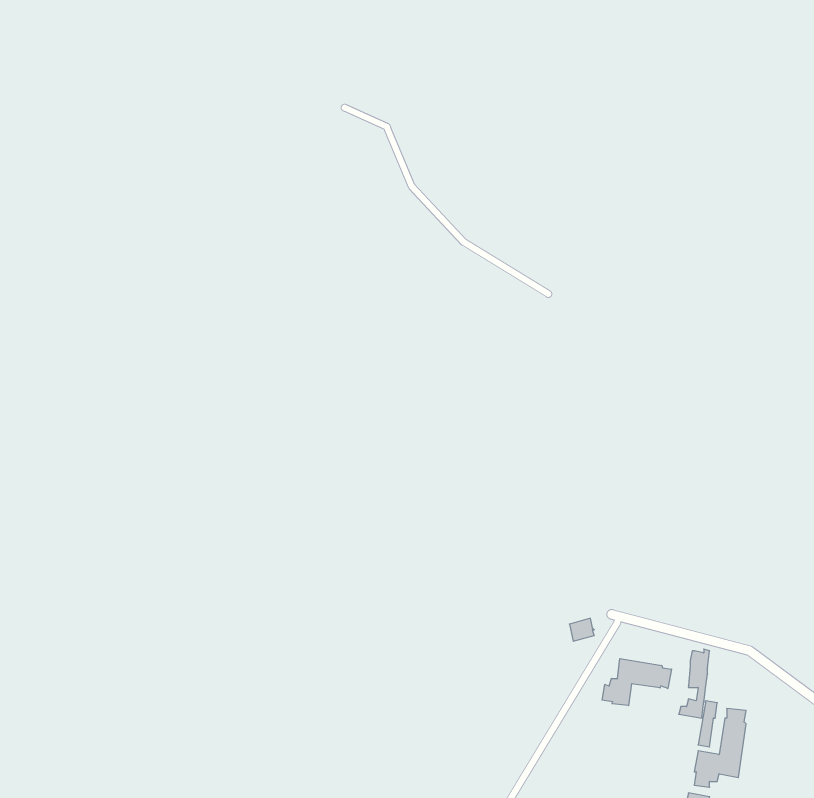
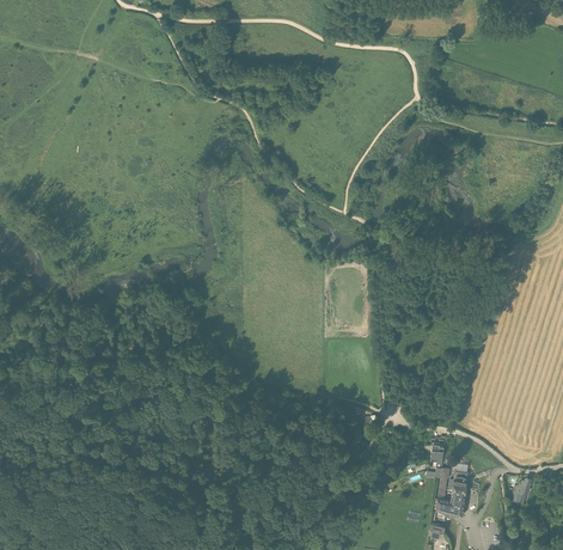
building: [602,659,672,706] -> none

